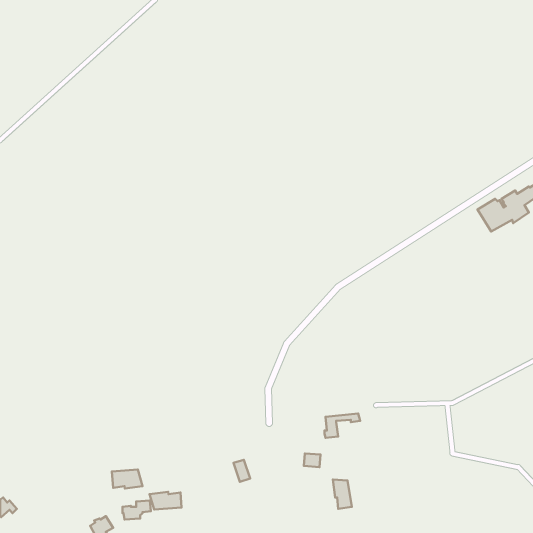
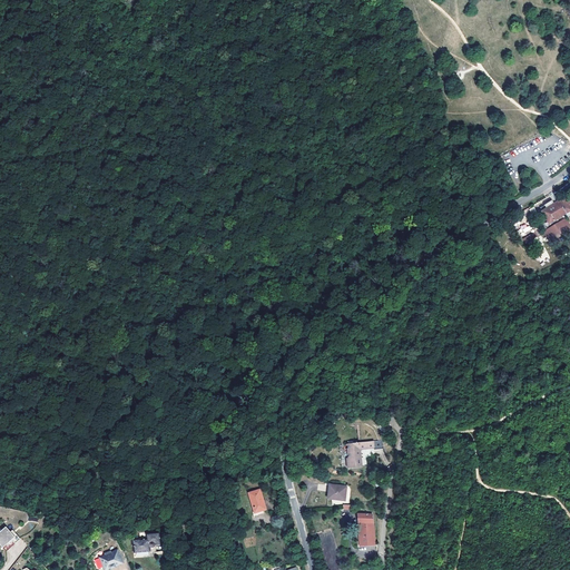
building: [112,470,143,488] -> none
building: [150,492,182,510] -> none

